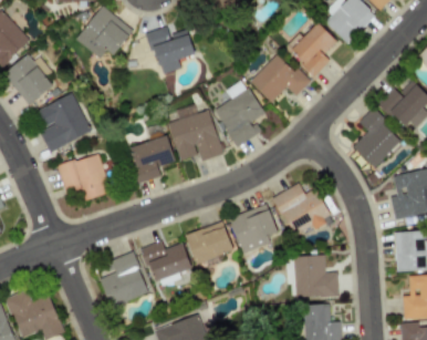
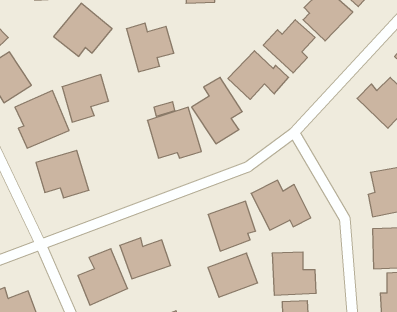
building: [353,109,403,168] -> none
building: [129,135,176,183] -> [62,75,109,122]
building: [185,220,235,265] -> [208,253,258,297]

